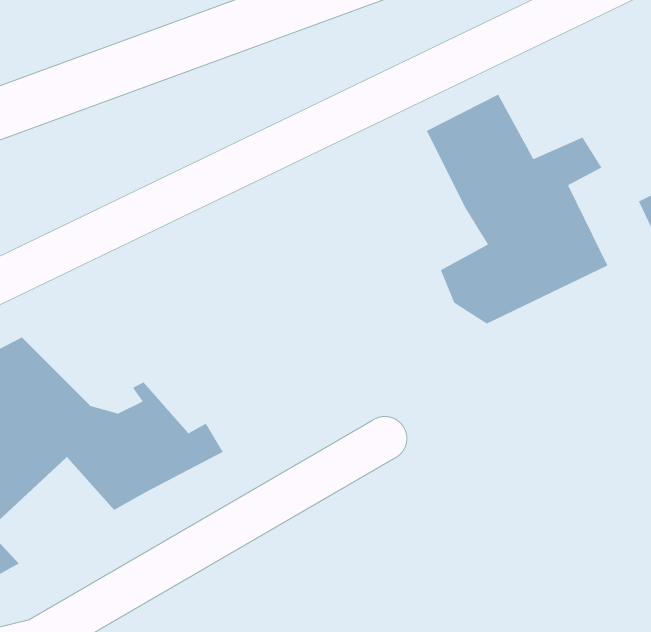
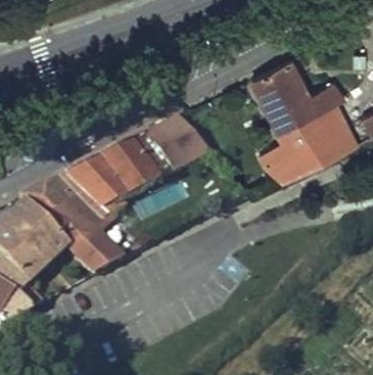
building: none -> [43,113,209,223]

